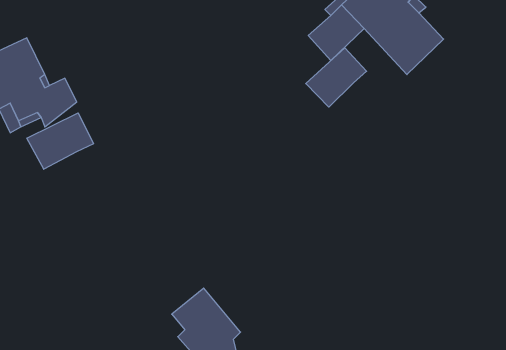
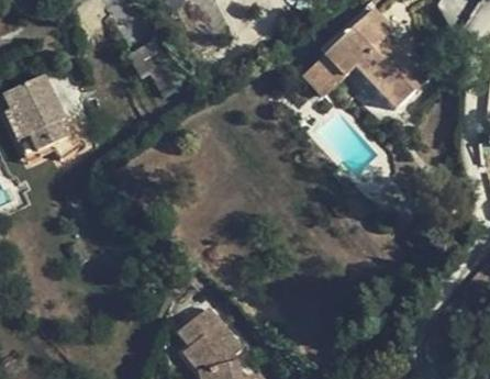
building: [306,48,367,107] -> none
building: [27,113,93,169] -> none

